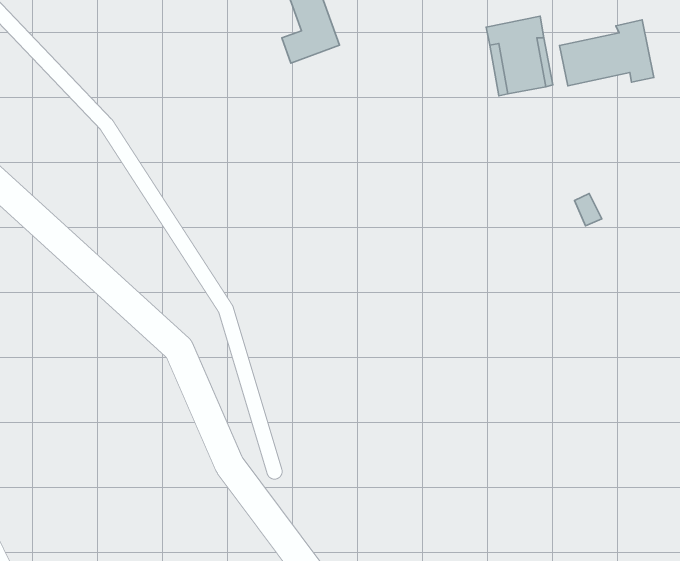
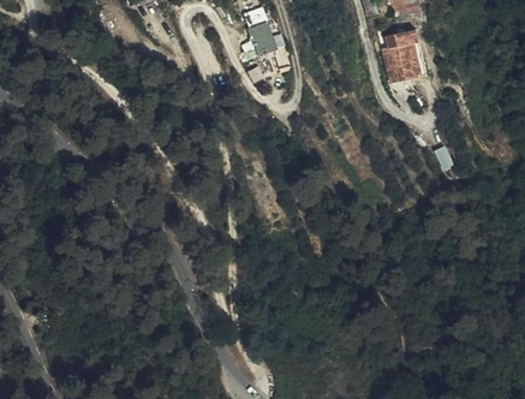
building: [559,20,654,86] -> none

